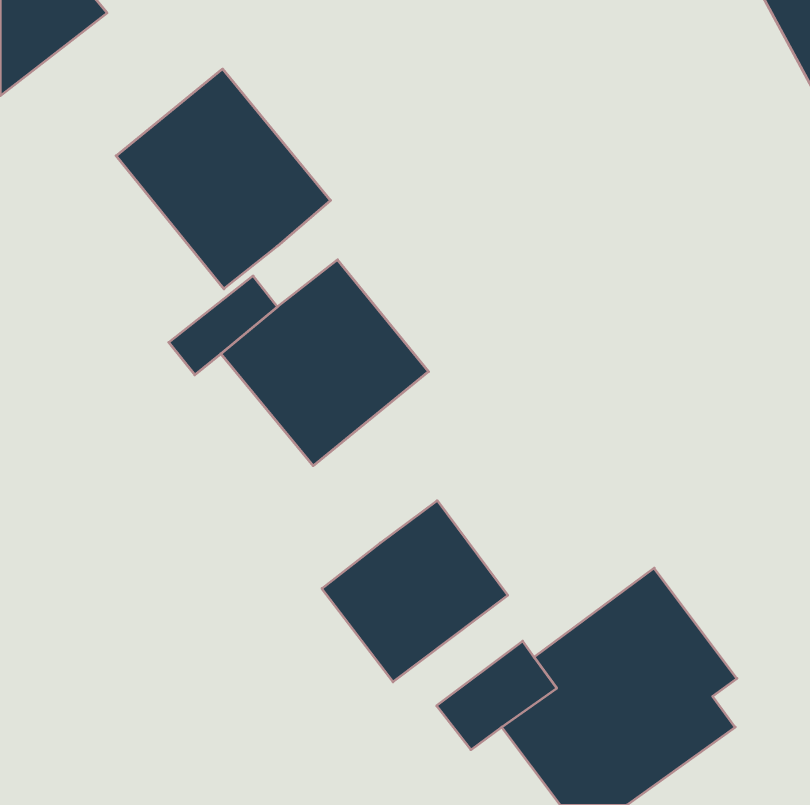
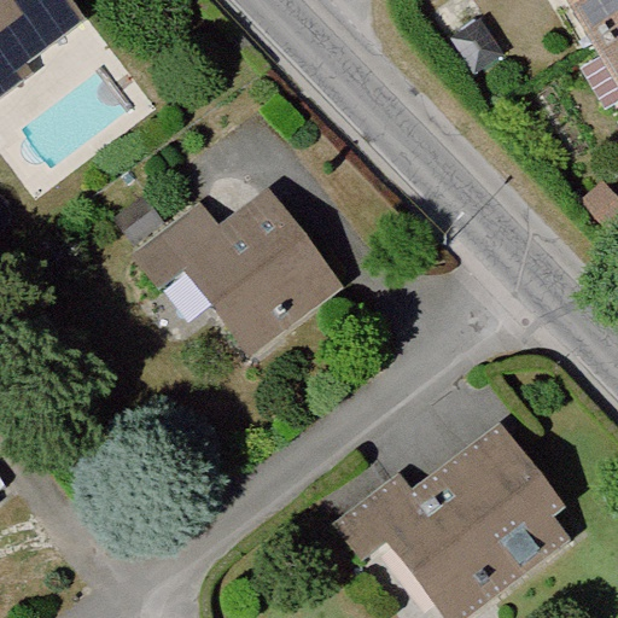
building: [116,69,331,289] -> none
building: [322,501,508,682] -> none

